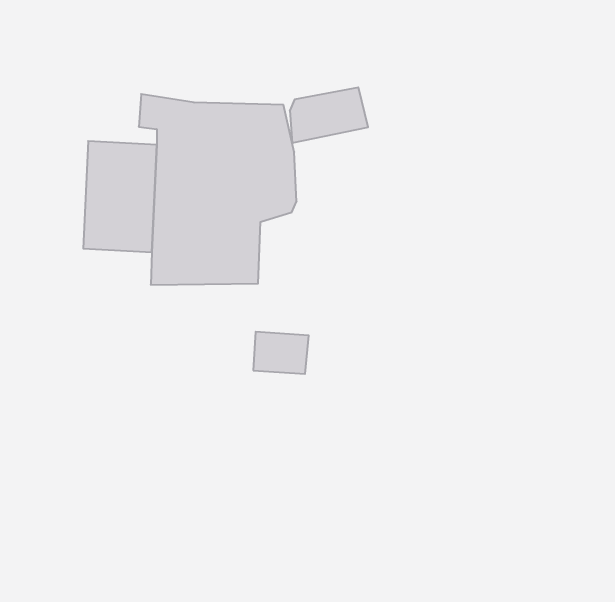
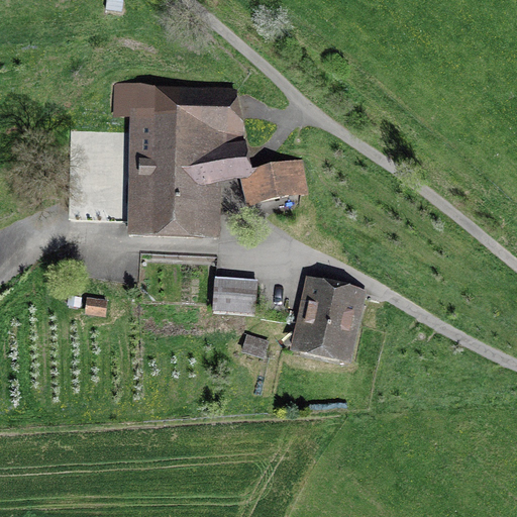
building: [290,87,368,143] -> [244,159,310,205]
building: none -> [287,274,366,365]

